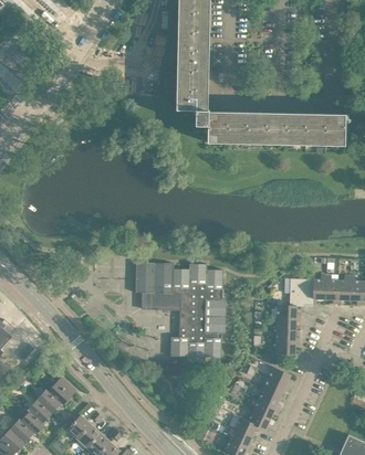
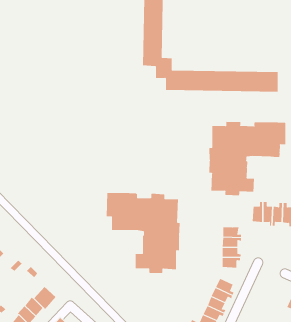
building: none -> [208,120,286,197]
building: [289,278,313,305] -> none

